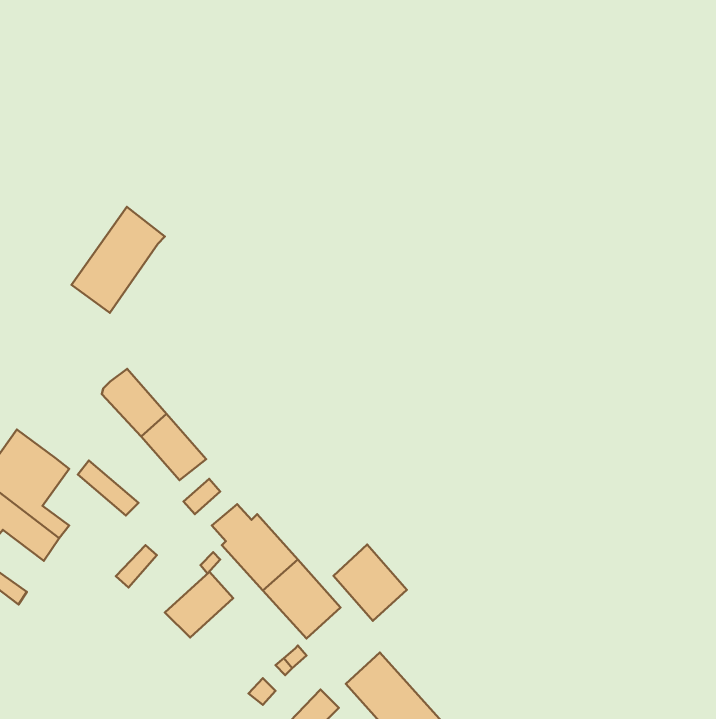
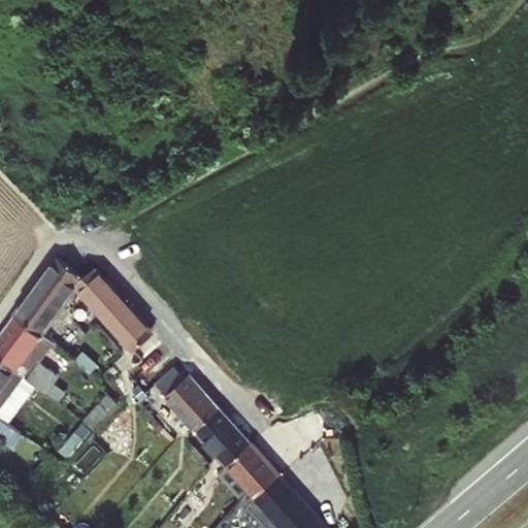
building: [72,207,165,313] -> [12,259,80,336]
building: [333,545,407,621] -> [224,446,277,501]
building: [165,572,233,638] -> none

